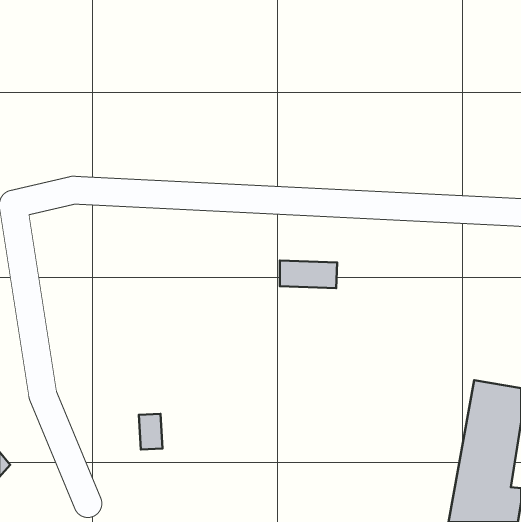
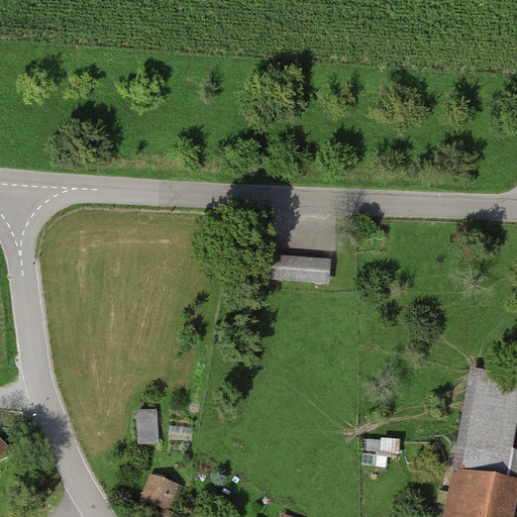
building: none -> [141,474,182,510]

